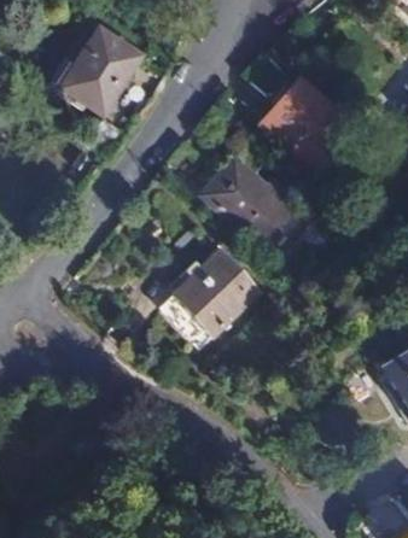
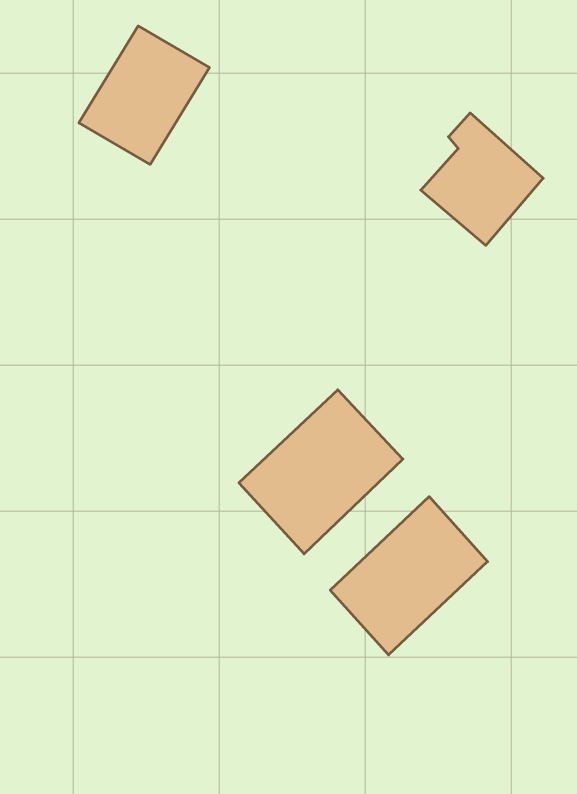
building: [204,158,303,239] -> none
building: none -> [330,497,488,655]

